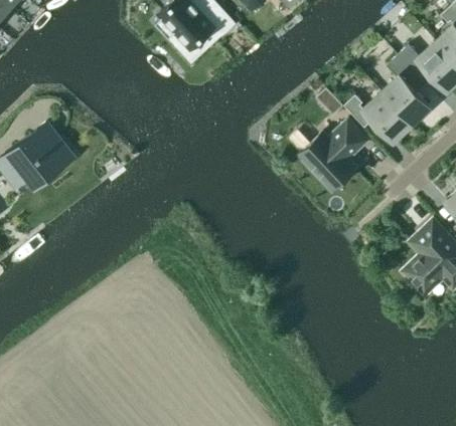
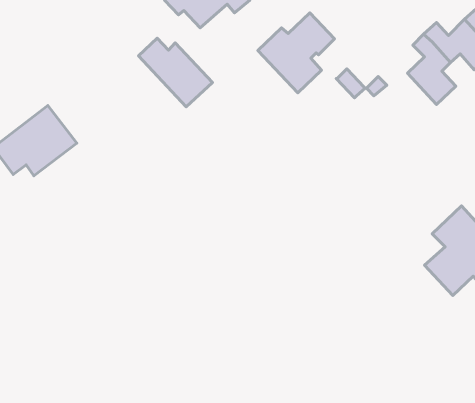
building: none -> [138,38,213,107]
building: [363,93,410,141] -> none
building: [296,118,367,192] -> [258,13,335,93]

